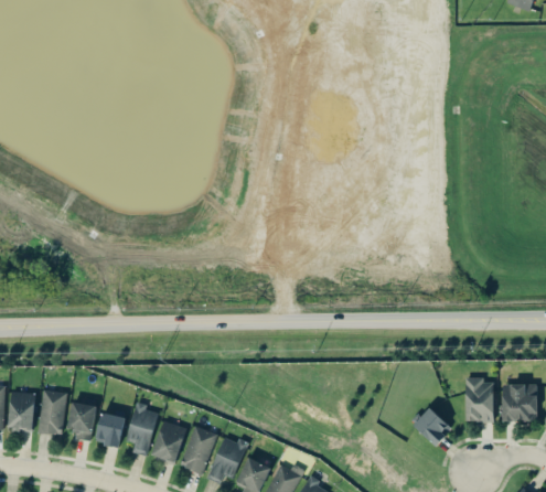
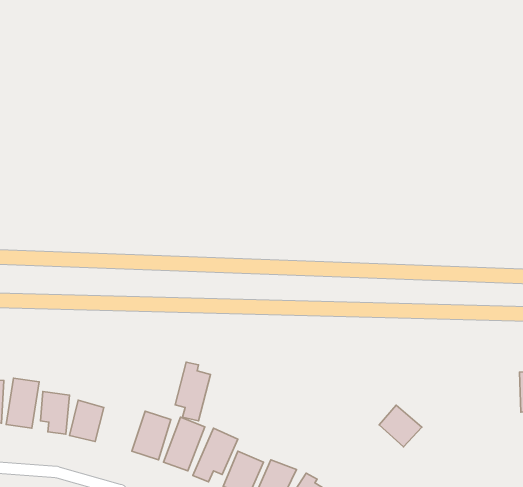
building: [465,377,493,421] -> none
building: [126,402,158,454] -> [175,362,211,421]
building: [414,407,452,445] -> [379,405,422,447]

